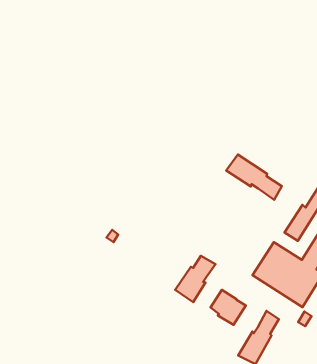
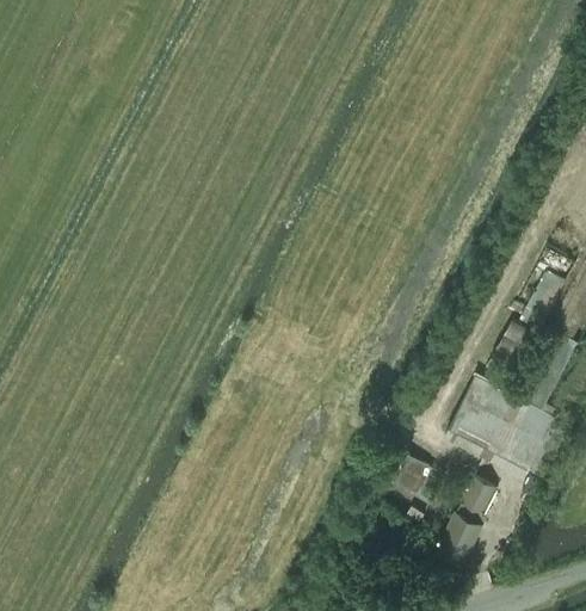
building: [226,154,282,200] -> none
building: [175,256,215,302] -> none

